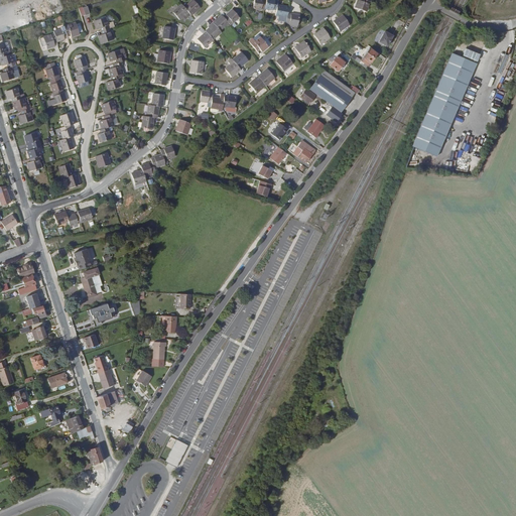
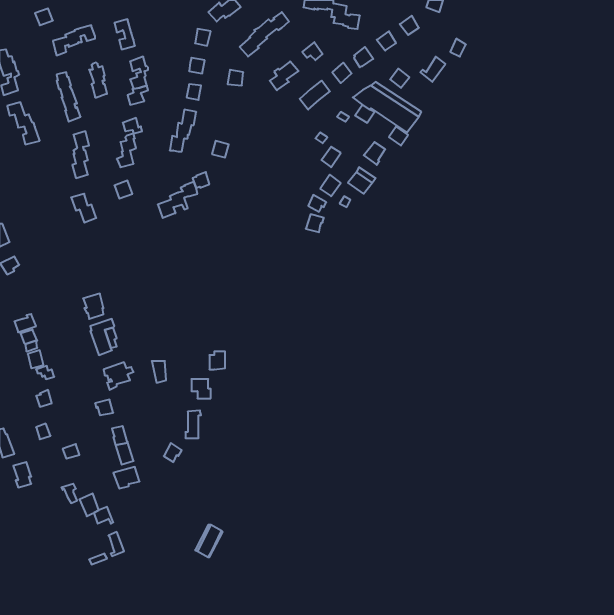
building: [416,57,482,160] -> none
building: [201,89,237,111] -> none
building: [25,129,42,168] -> none
building: [54,207,93,224] -> none

